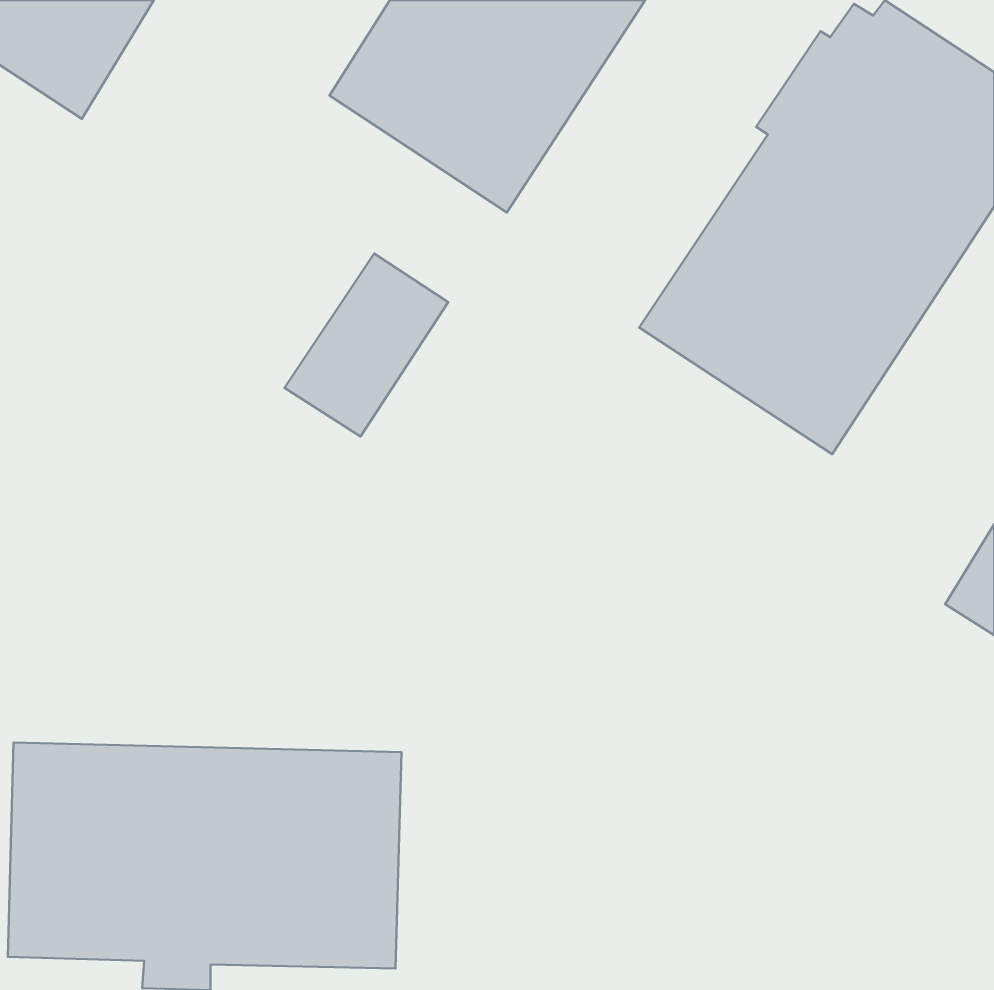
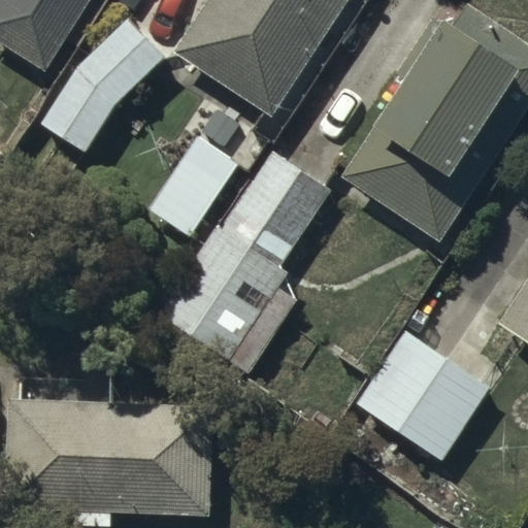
building: none -> [45,22,164,148]
building: none -> [159,150,332,367]
building: none -> [359,333,489,459]

